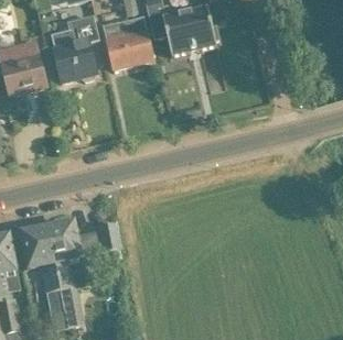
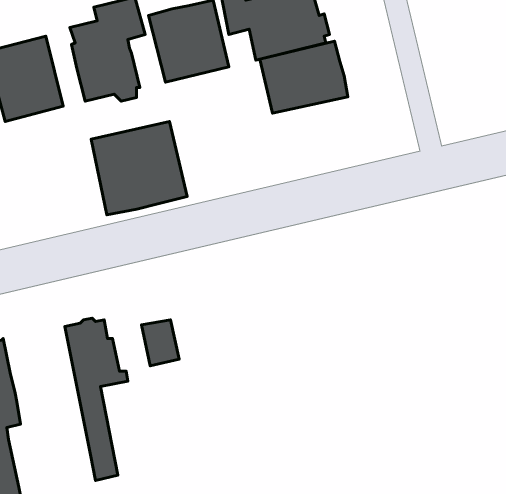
building: none -> [260,41,348,113]
building: none -> [91,122,187,215]
building: [23,227,65,312] -> none

